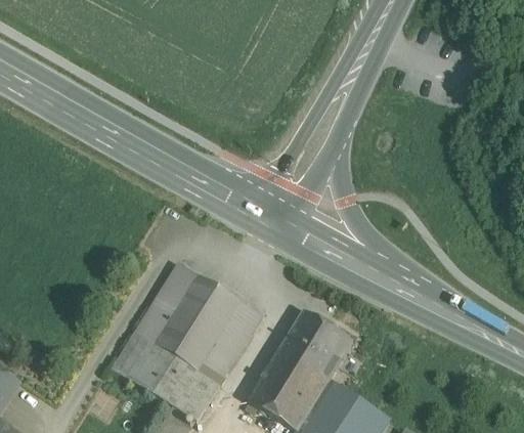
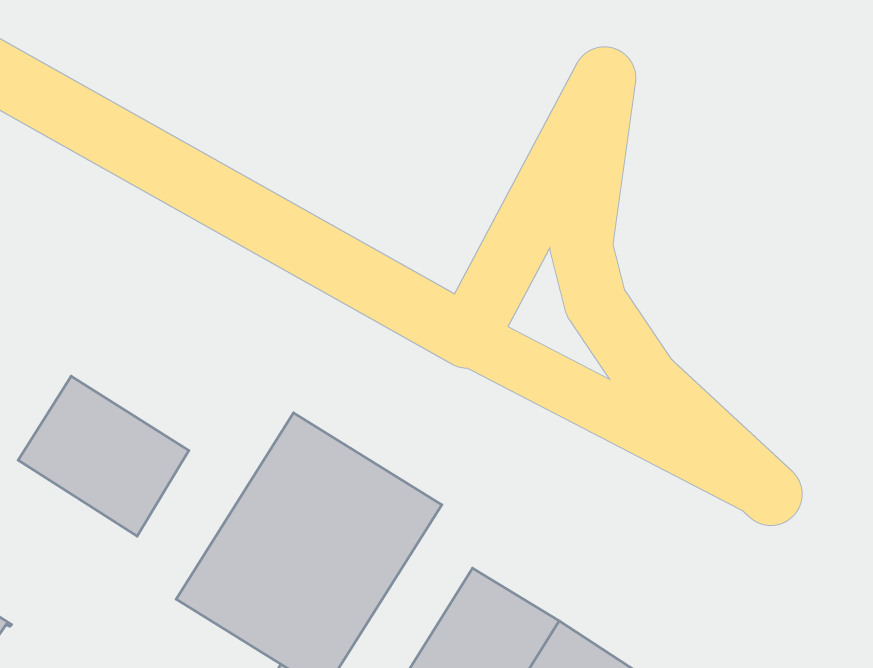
building: none -> [18,376,189,536]
building: [280,310,353,380] -> none

